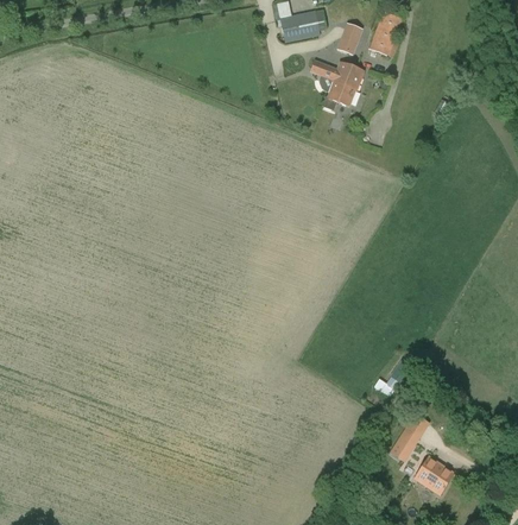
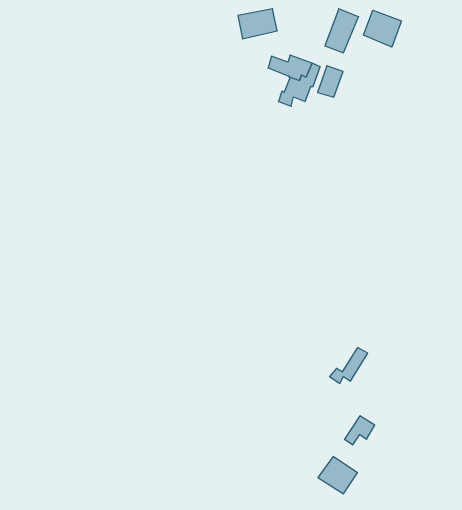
building: none -> [363,10,402,47]
building: [336,23,362,55] -> [318,66,343,97]
building: [413,456,454,494] -> [318,457,357,494]

